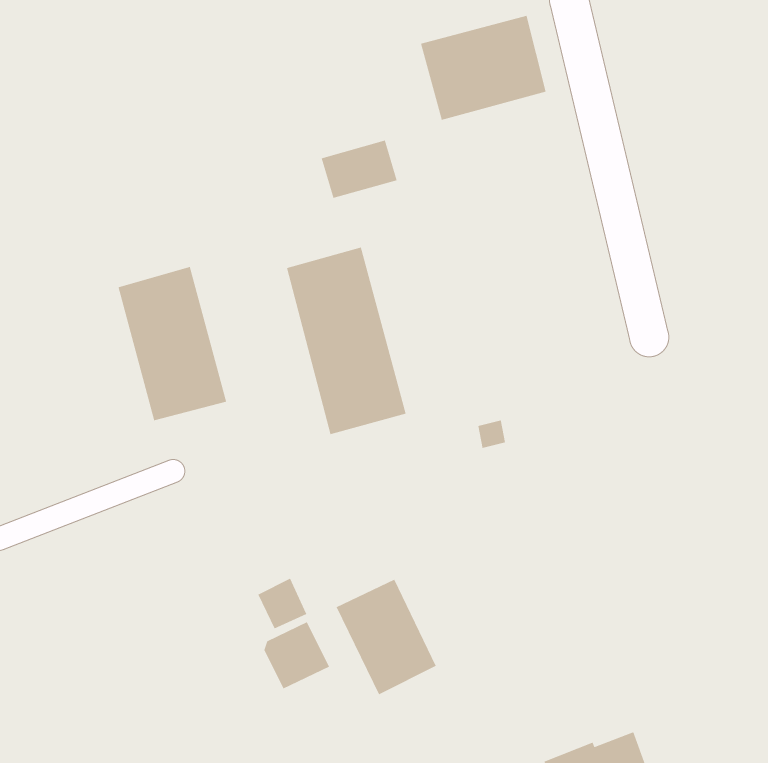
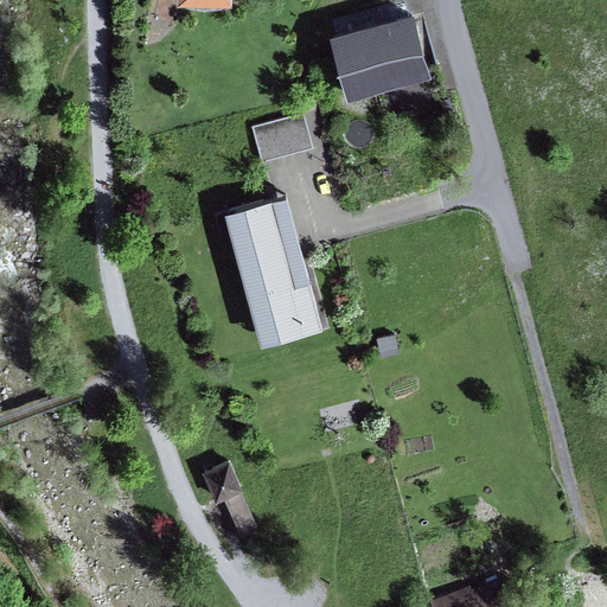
building: [118,266,227,421] -> none
building: [336,579,437,695] -> none

